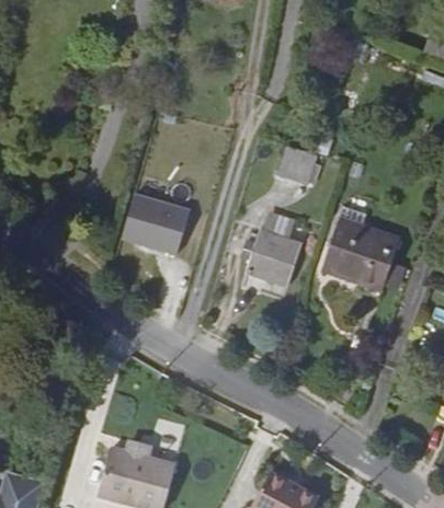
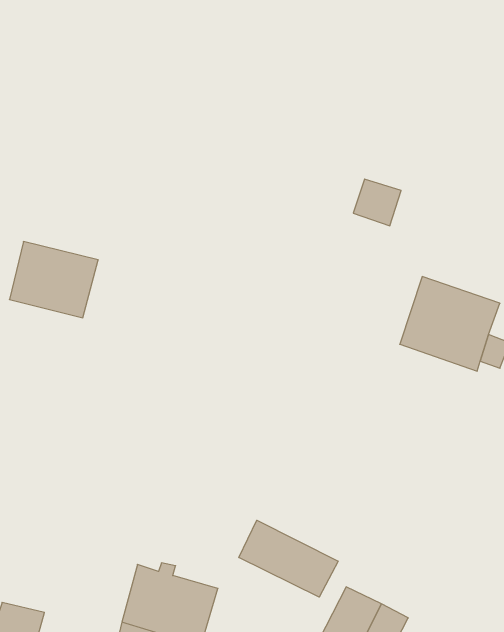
building: [124,194,193,253] -> [9,242,98,318]
building: [248,230,300,286] -> none
building: none -> [239,520,338,597]

